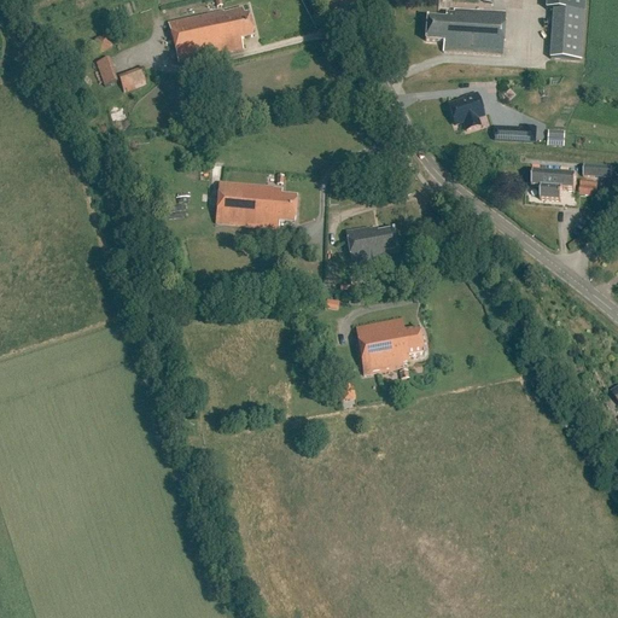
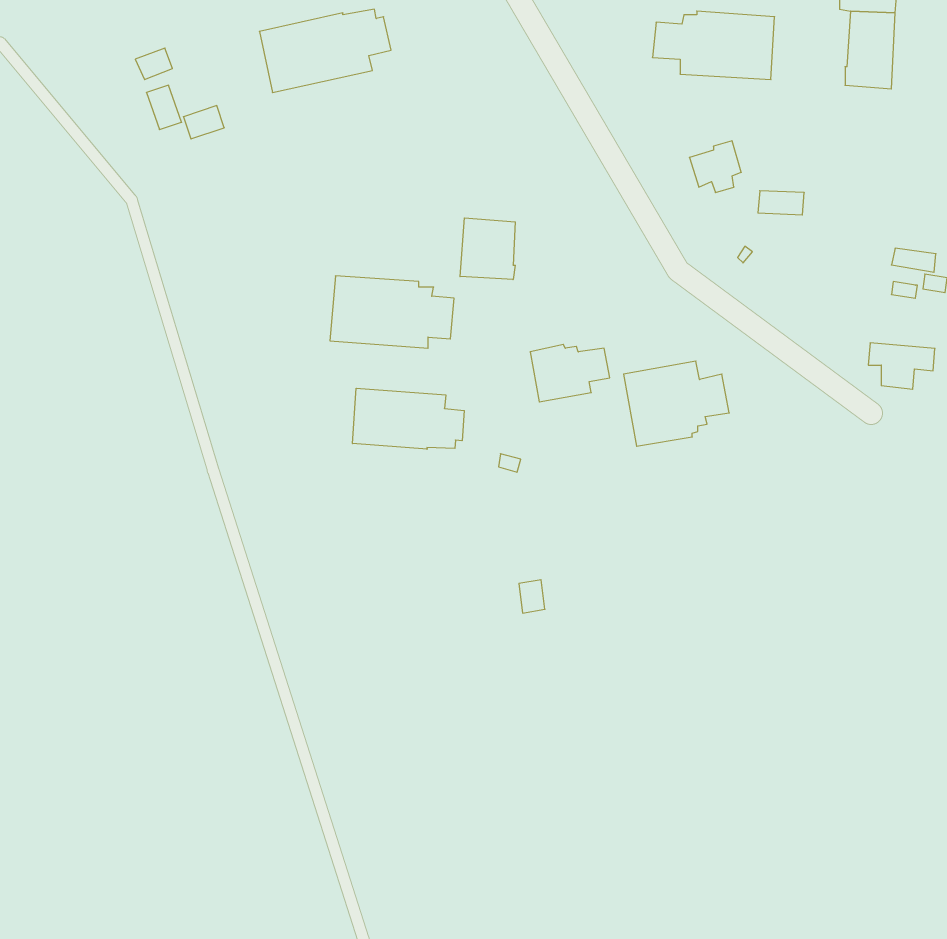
building: none -> [460,218,515,280]
building: [532,169,576,199] -> [868,343,935,389]
building: none -> [353,388,464,449]
building: [355,317,424,373] -> [624,361,729,446]

